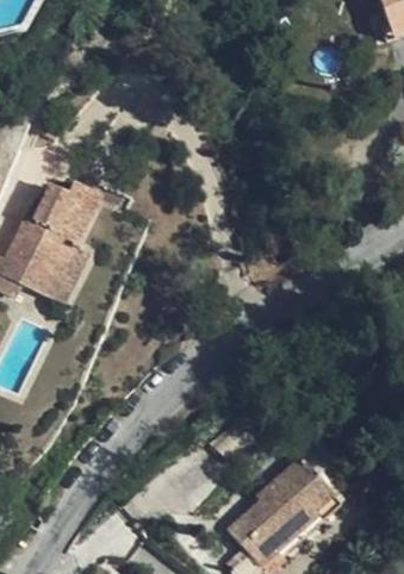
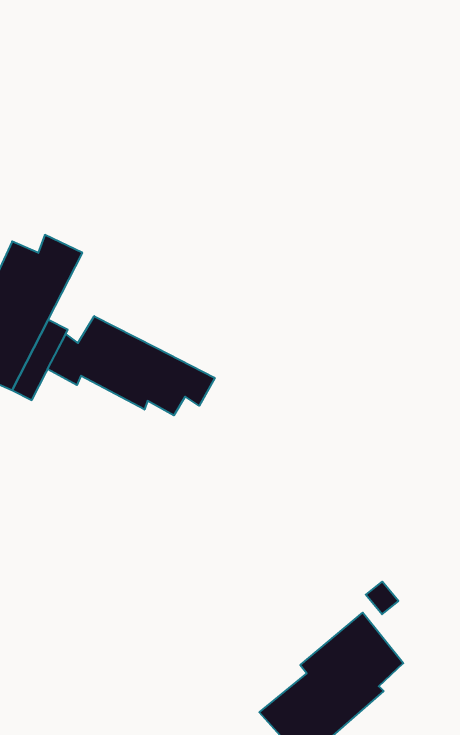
building: none -> [48,316,215,415]

